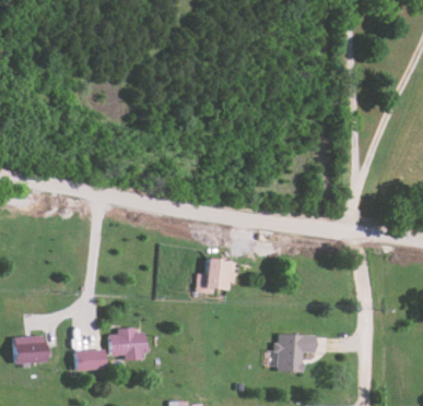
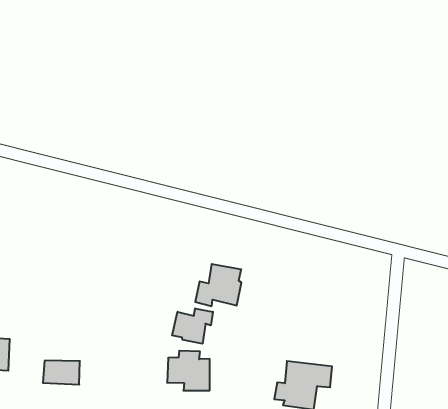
building: none -> [172,308,213,344]
building: [109,327,146,361] -> [167,351,210,391]

